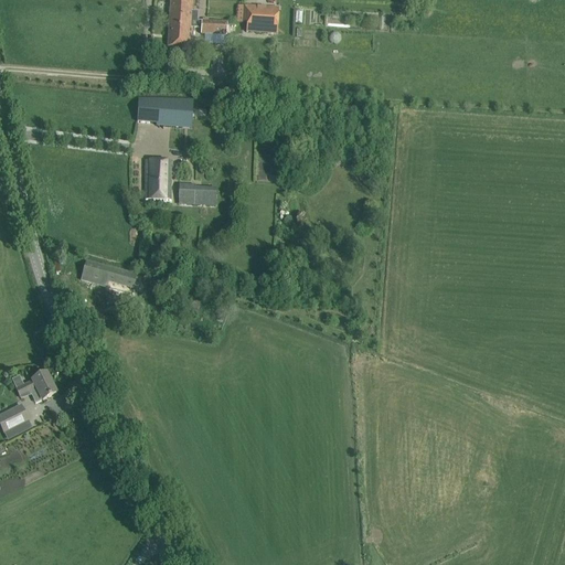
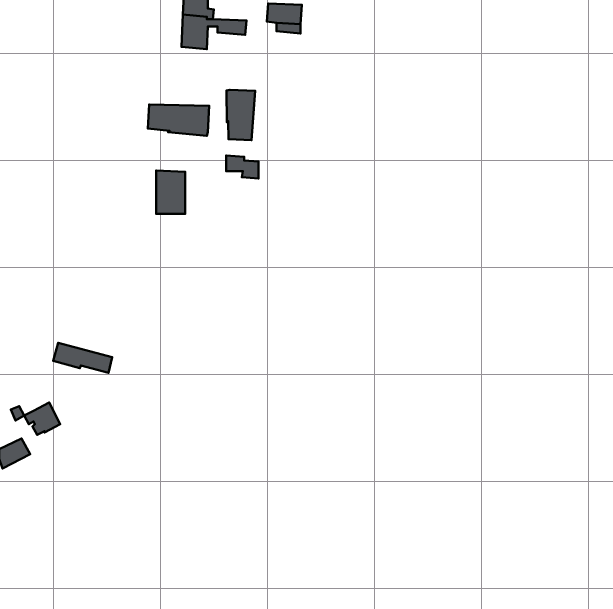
building: none -> [226,90,255,140]
building: [178,181,207,202] -> [226,156,259,178]
building: [81,259,135,287] -> [53,343,112,373]

